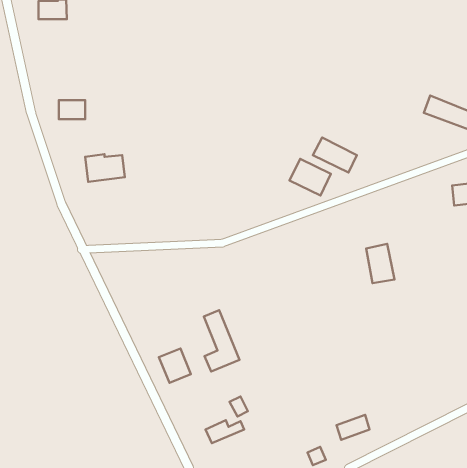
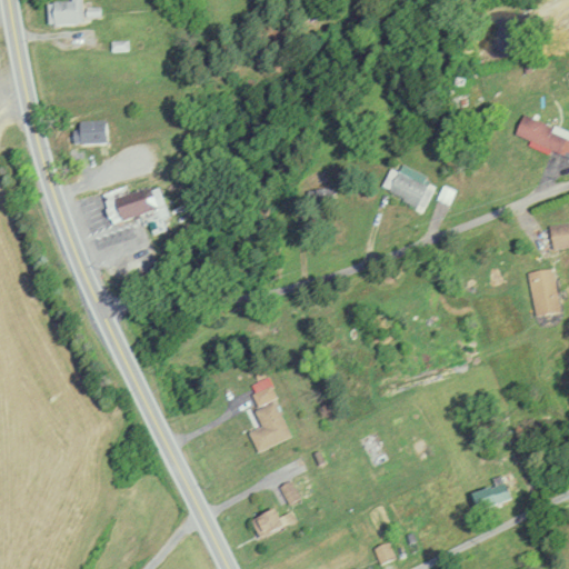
building: [290,159,331,195] -> none
building: [366,244,395,283] -> [528,268,562,316]
building: [159,348,191,383] -> none
building: [337,415,370,440] -> [471,481,511,511]

